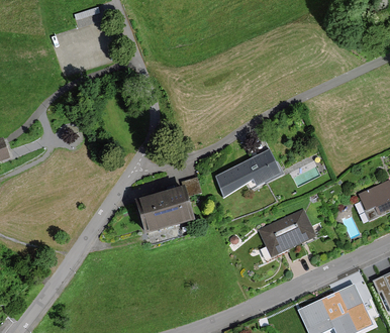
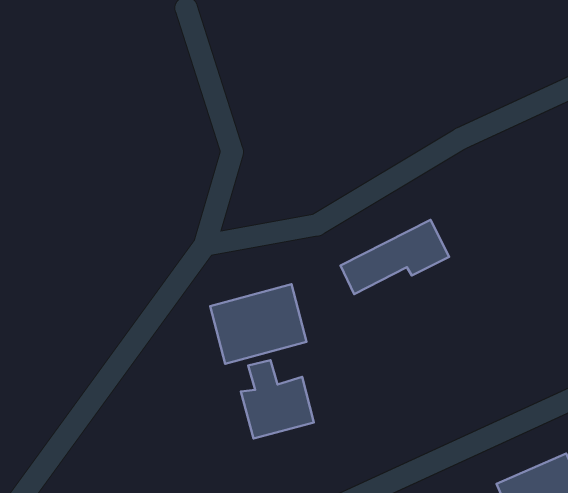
building: [257,208,315,257] -> none
building: none -> [241,360,314,439]

